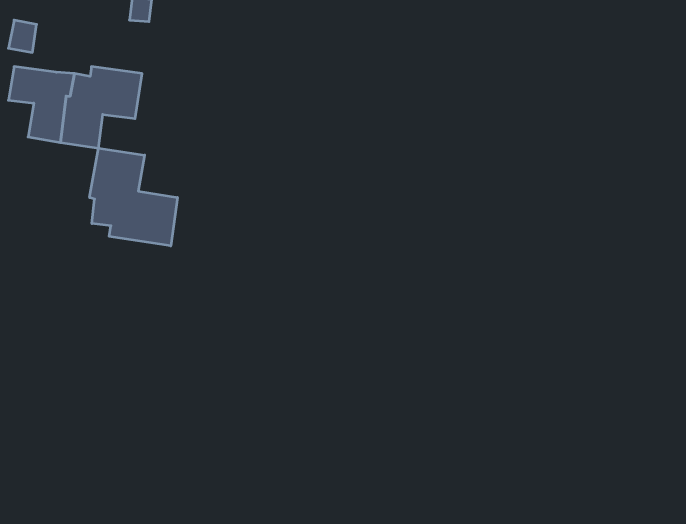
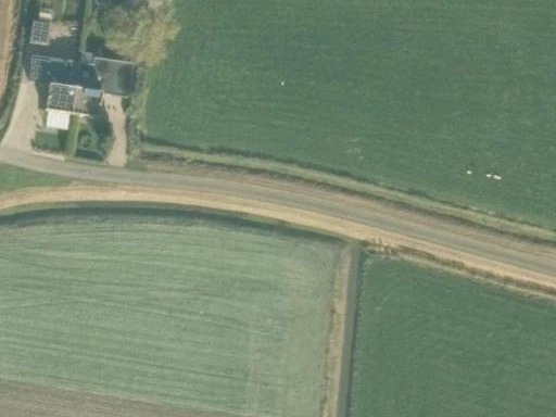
building: [90,148,177,246] -> none

